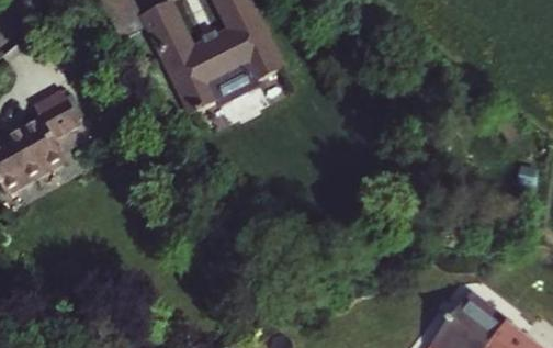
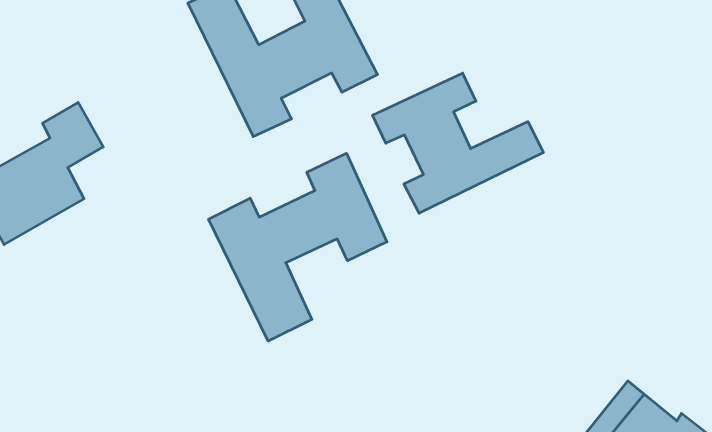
building: none -> [373,73,543,213]
building: none -> [209,153,387,341]

